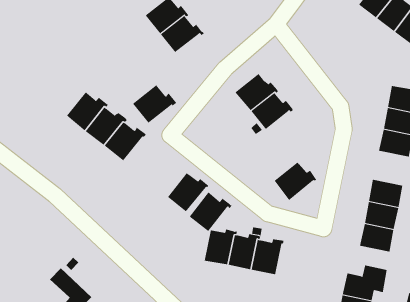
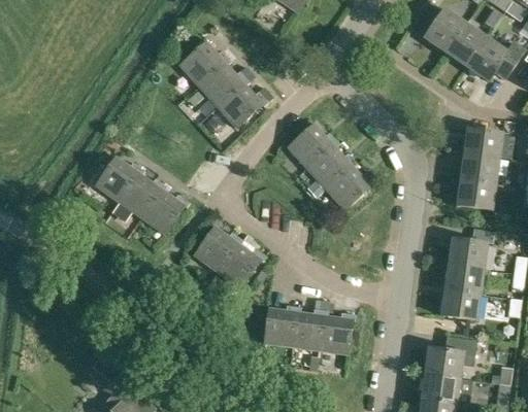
building: [132,85,177,123] -> [217,82,268,128]
building: [274,162,317,201] -> [326,165,375,210]
building: [189,192,233,232] -> [194,226,243,272]

